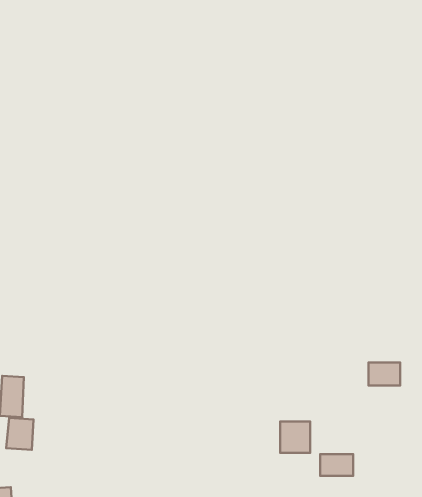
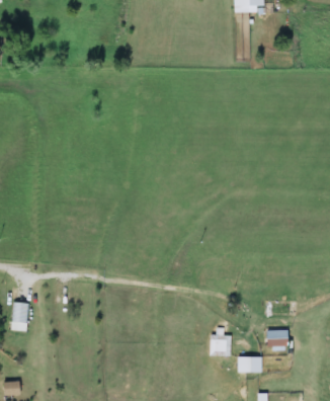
building: [369,363,400,386] -> [266,330,288,346]
building: [6,418,33,450] -> none

